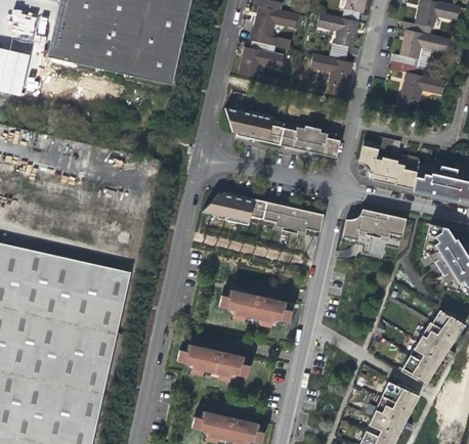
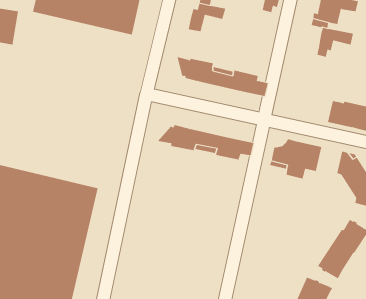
building: [318,51,350,97] -> none
building: [359,137,420,189] -> none
building: [218,290,289,327] -> none
building: [176,344,248,381] -> none

